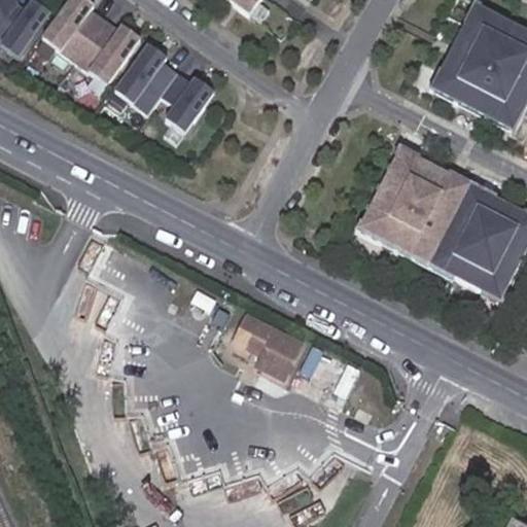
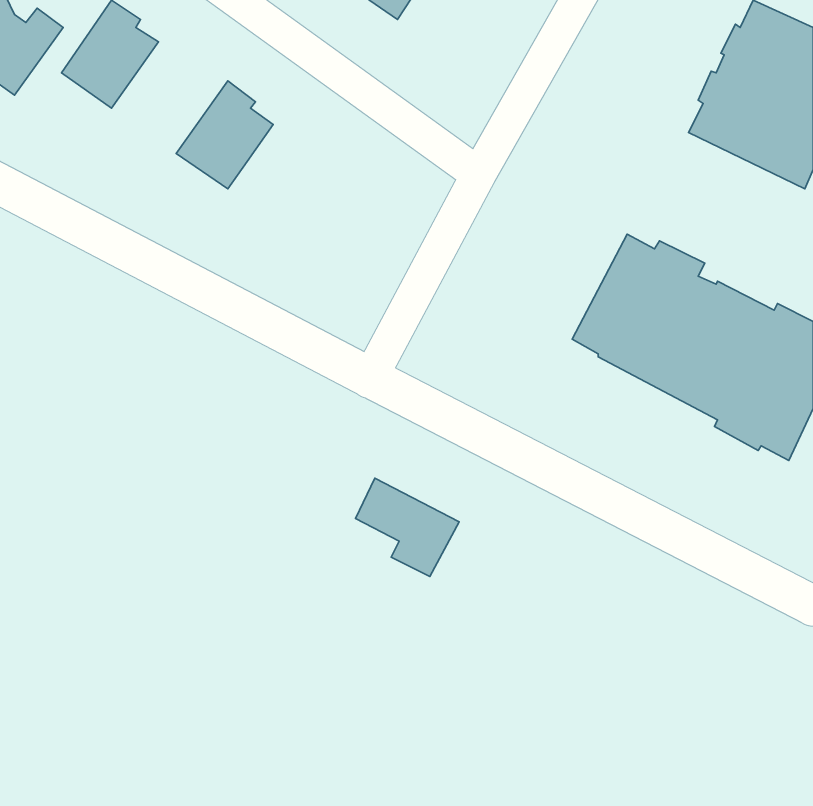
building: [71,27,136,92] -> none
building: [157,79,211,140] -> none

